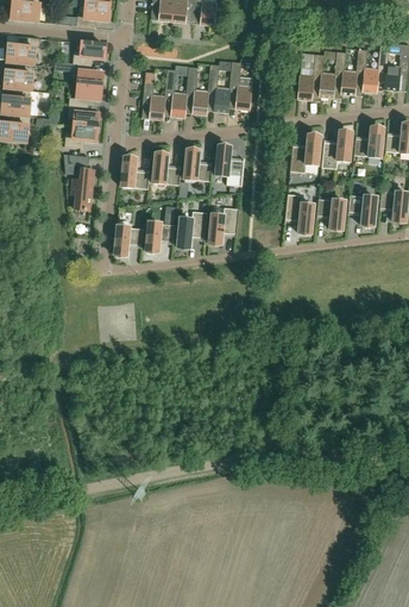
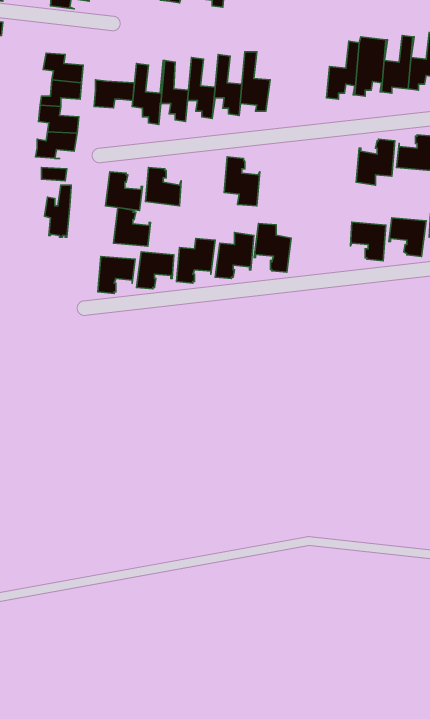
building: [73,42,105,64] -> [94,80,134,108]
building: [290,136,320,173] -> none
building: [183,150,213,181] -> [114,208,151,246]
building: [284,194,314,233] -> [254,223,291,272]

